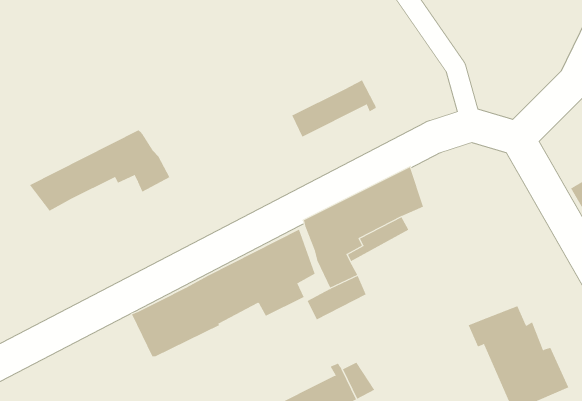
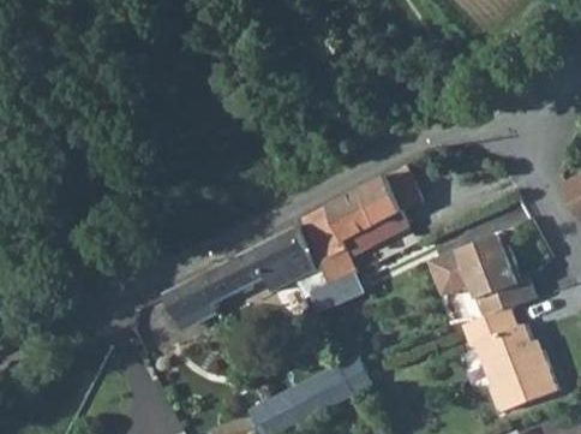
building: [291,80,377,137] -> none
building: [29,130,170,211] -> none
building: none -> [430,231,534,314]

